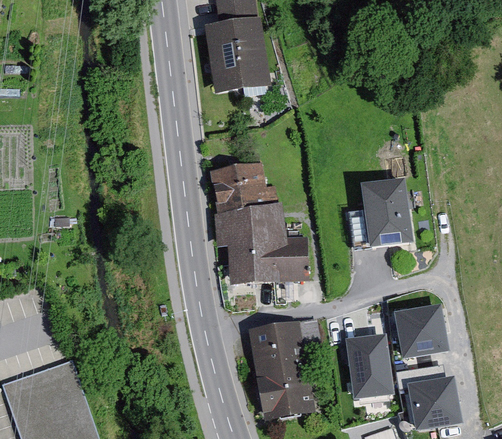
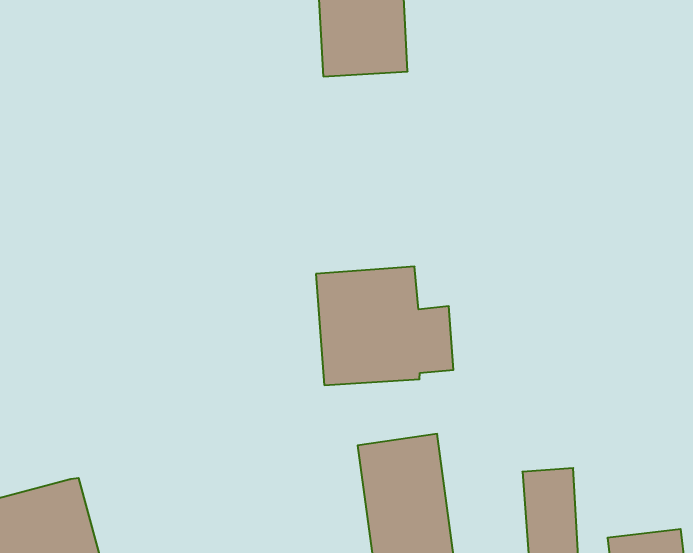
building: [209,166,269,223] -> none
building: [358,181,408,248] -> none
building: [395,300,449,354] -> none

